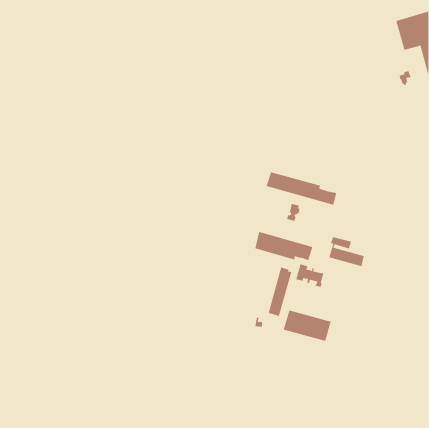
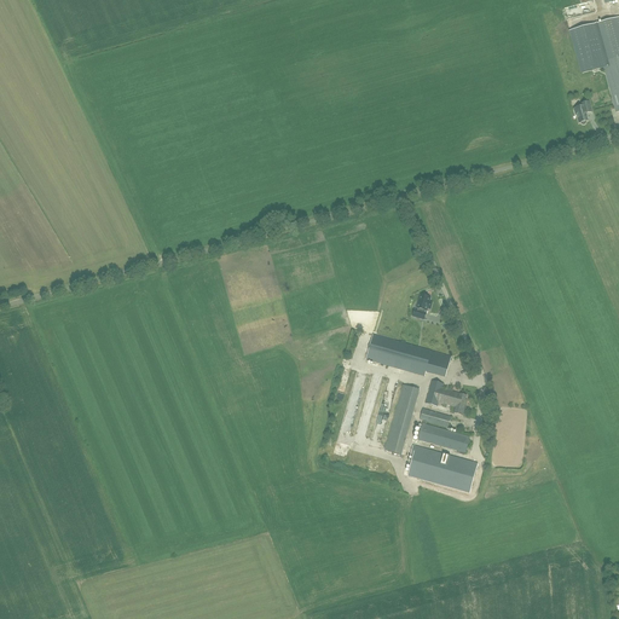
building: [266,172,337,205] -> none
building: [328,237,365,267] -> [417,409,469,452]

